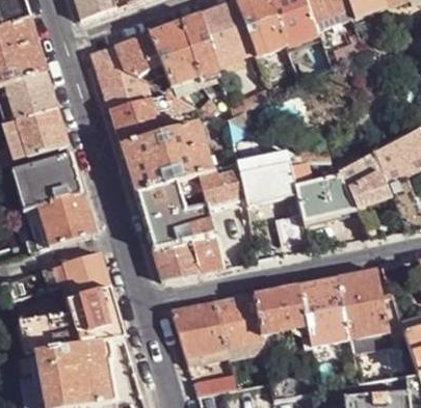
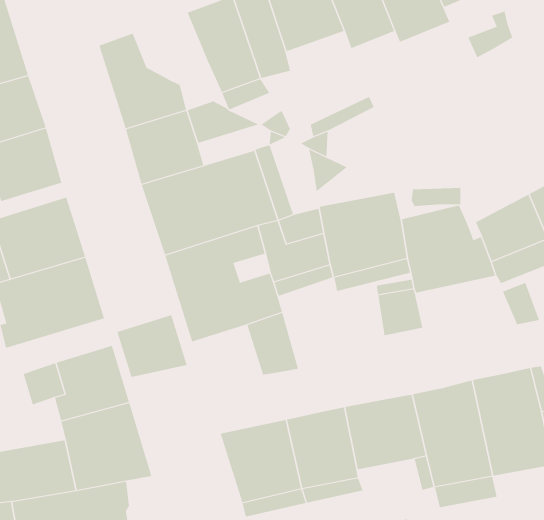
building: [113,32,162,77] -> none
building: [152,238,199,279] -> [116,315,187,378]

